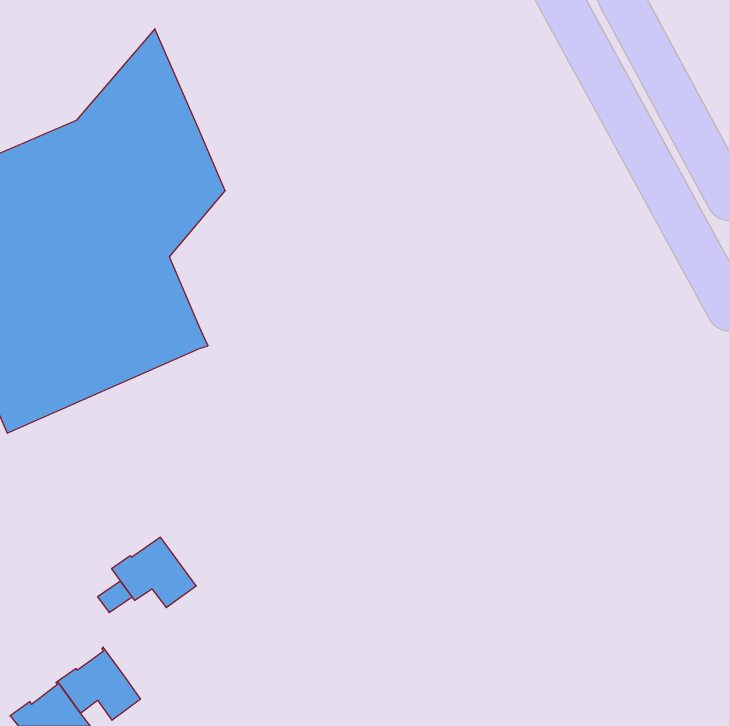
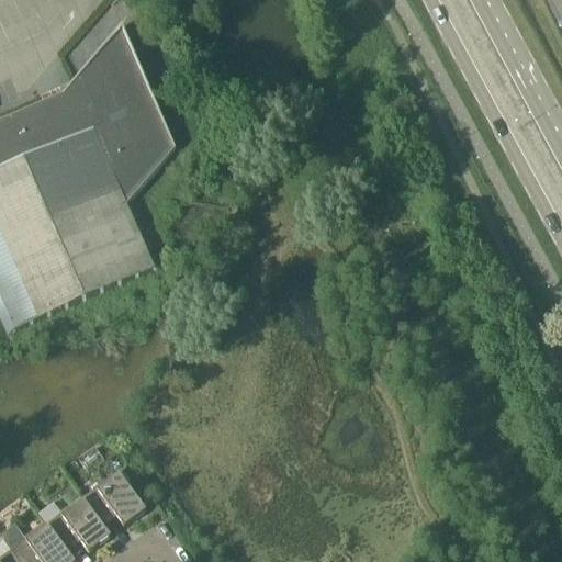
building: [112,537,196,608] -> [79,471,144,525]

